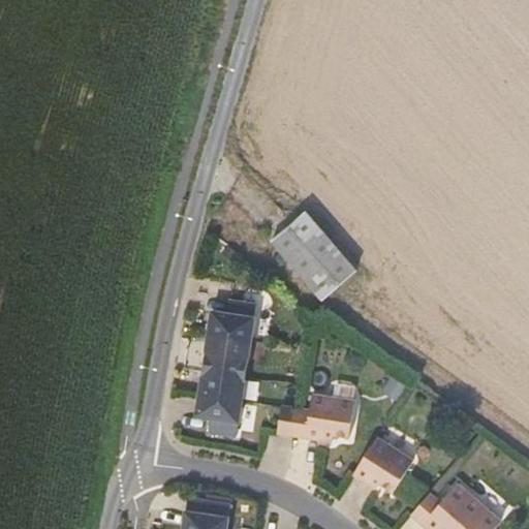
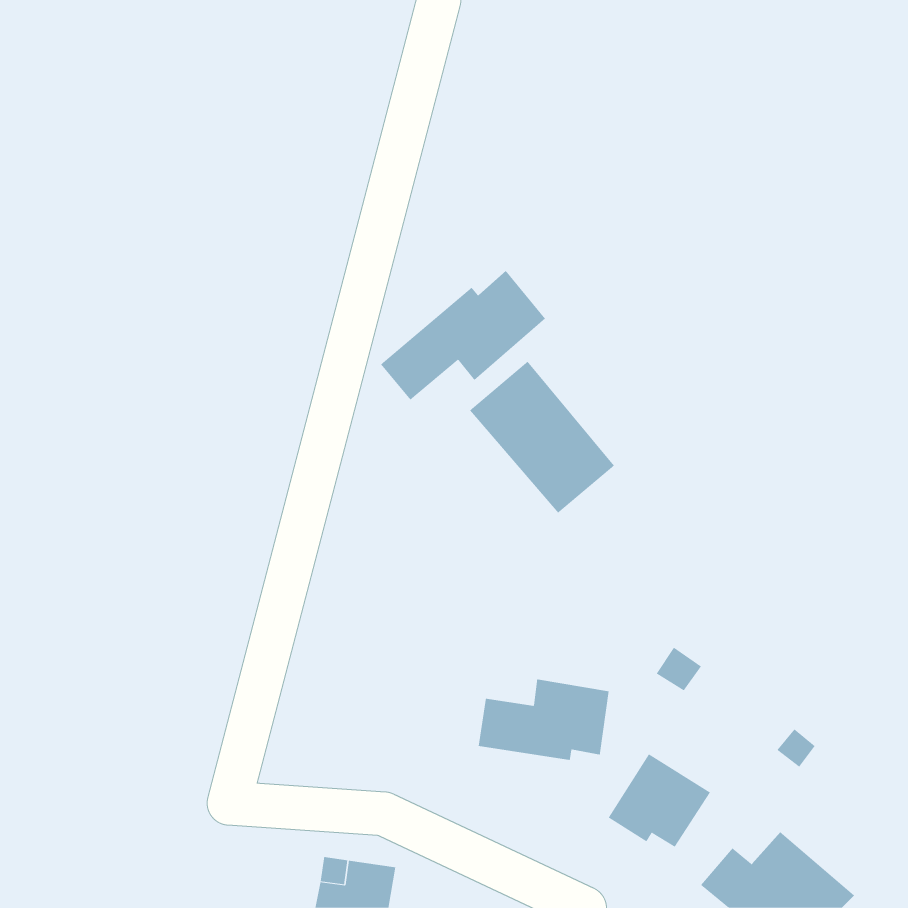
building: none -> [380,270,546,400]
building: [194,300,258,437] -> none

